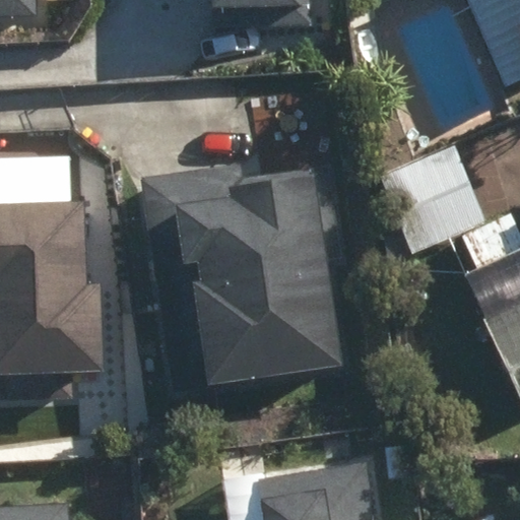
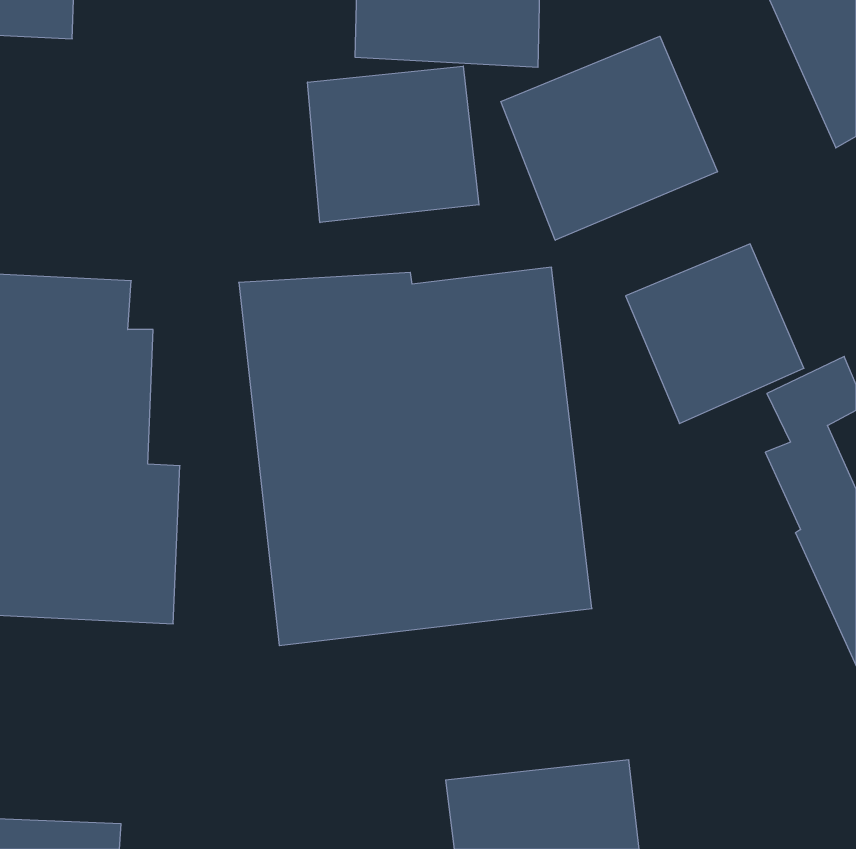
building: none -> [501,36,717,240]
building: none -> [308,66,479,223]

